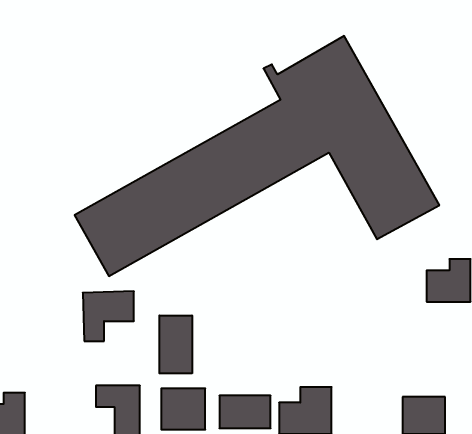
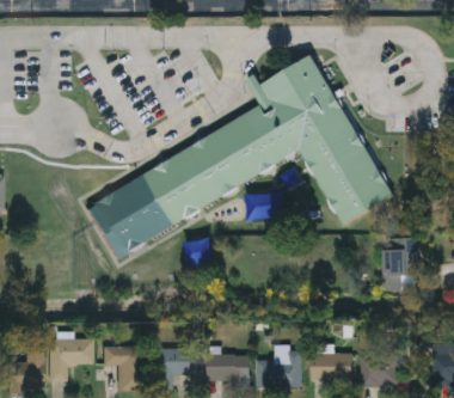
building: [83,291,134,341] -> [49,339,92,381]
building: [159,315,192,373] -> none
building: none -> [311,354,351,381]

